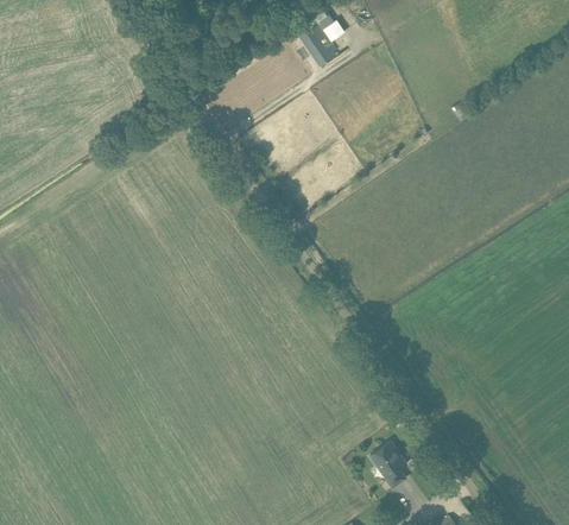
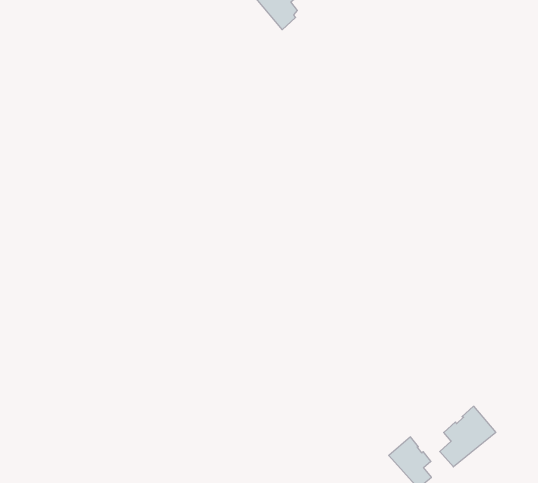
building: none -> [440,406,496,467]

